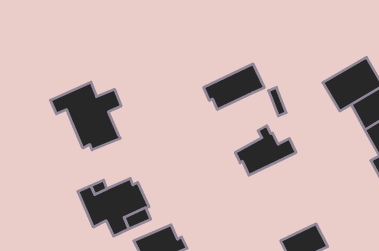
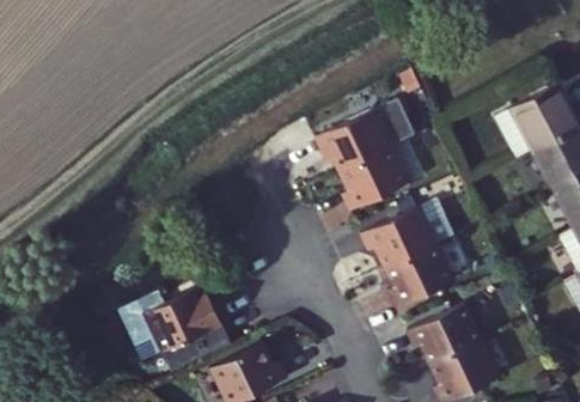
building: [50,82,121,150] -> none
building: none -> [338,147,410,212]
building: none -> [385,244,456,309]
building: none -> [410,304,484,366]

